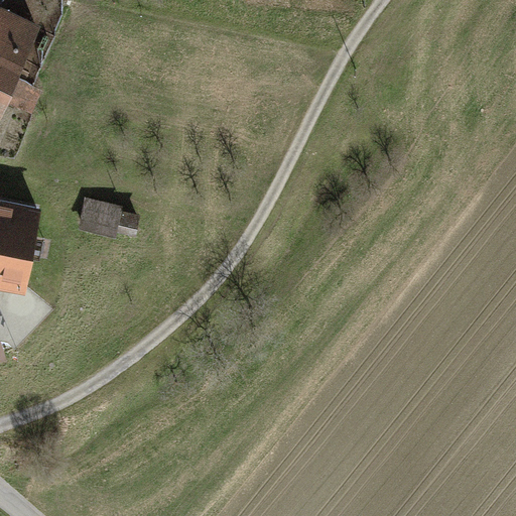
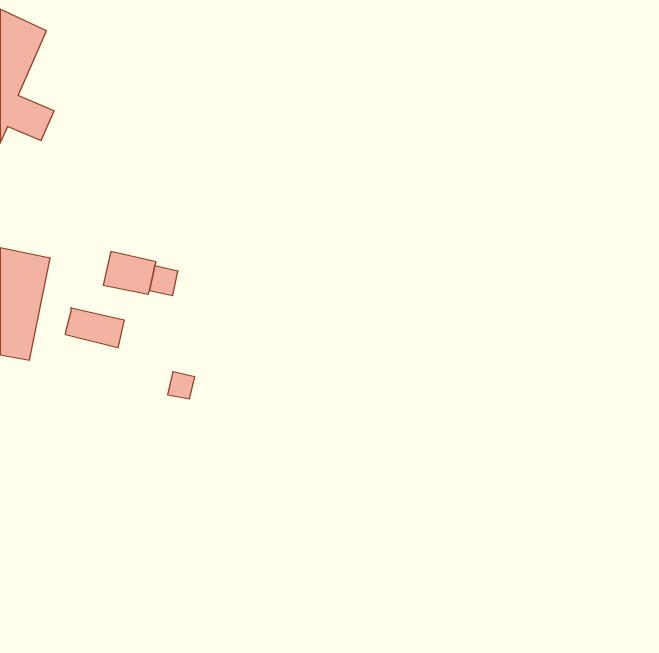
building: none -> [66,308,124,348]

